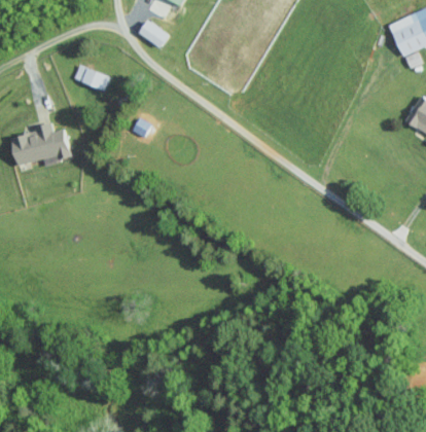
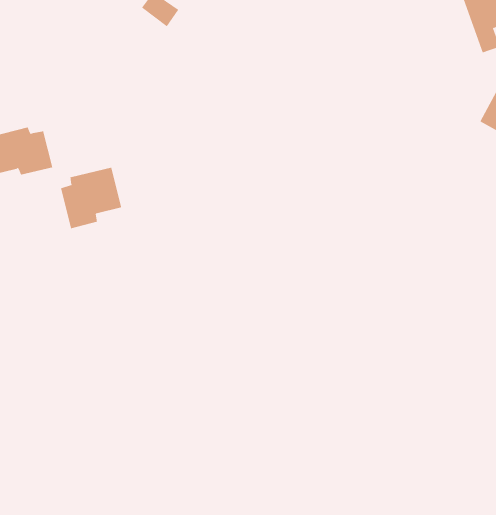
building: [74,66,109,89] -> none
building: none -> [61,167,122,229]

